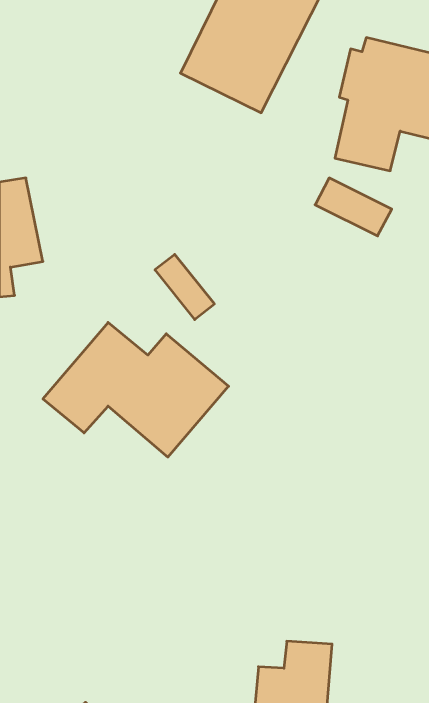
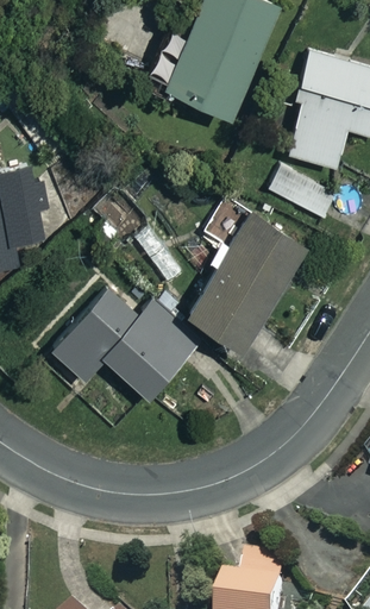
building: none -> [184,196,309,345]

